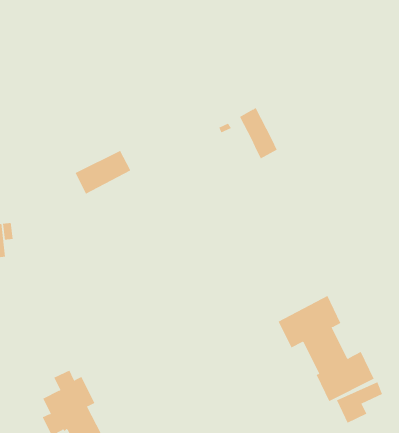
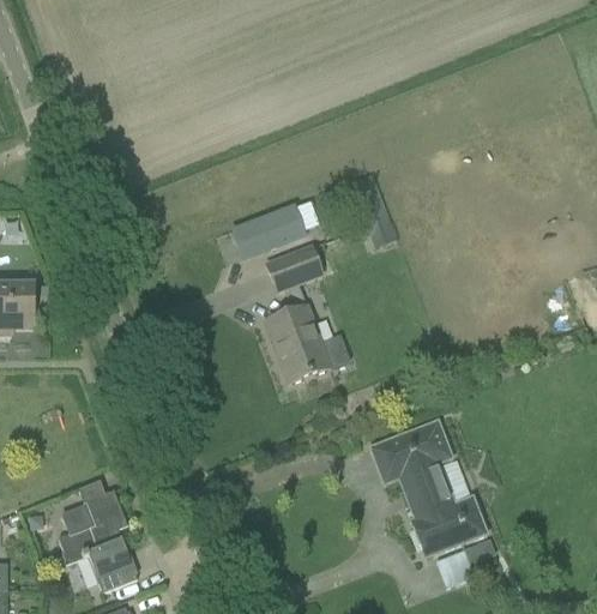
building: [75,150,131,194] -> [233,205,304,257]
building: none -> [264,245,350,383]

